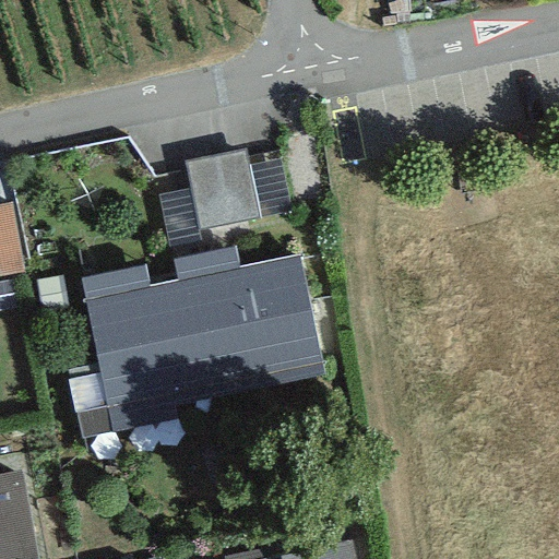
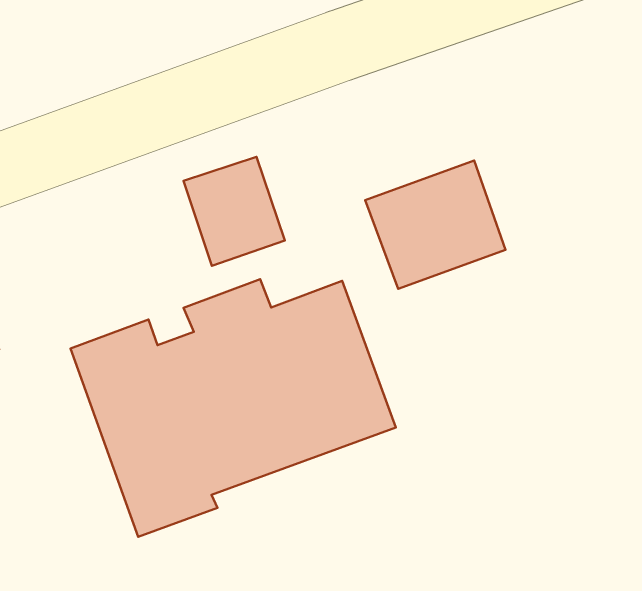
building: none -> [365,161,505,289]

